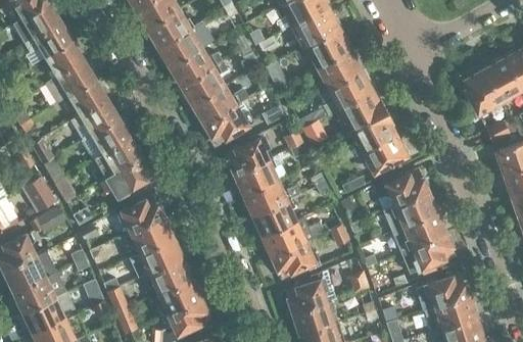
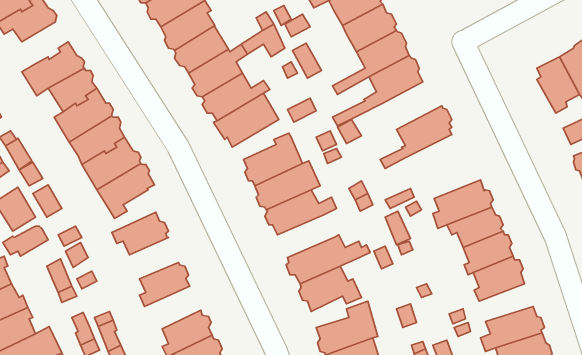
building: [45,42,83,77] -> none
building: [339,91,387,130] -> none
building: [359,134,407,174] -> none
building: [253,199,299,234] -> none
building: [128,217,175,251] -> none
building: [145,257,192,292] -> none

